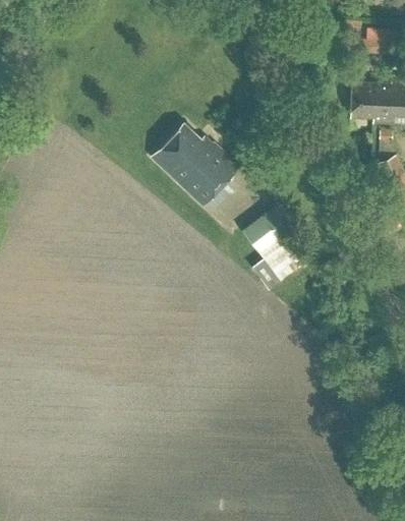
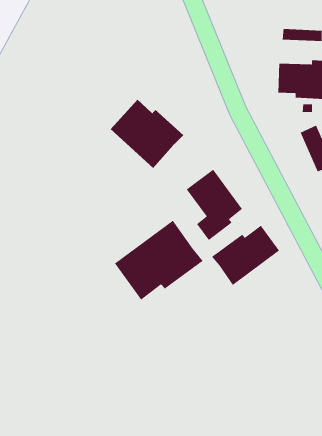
building: none -> [114,220,203,300]
building: none -> [211,225,280,286]

